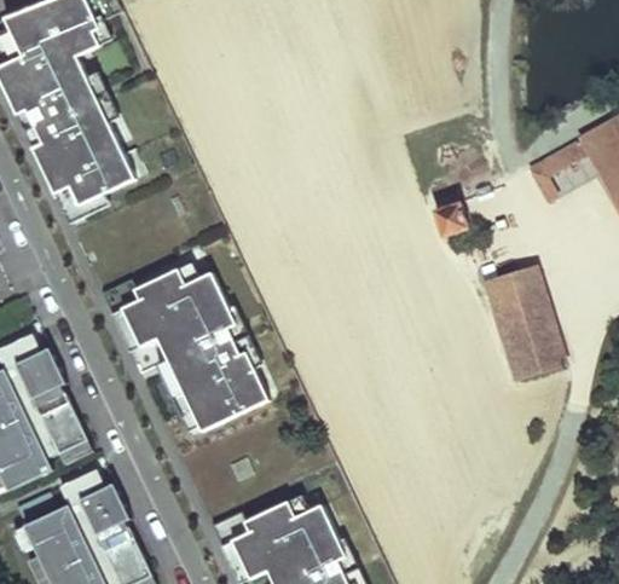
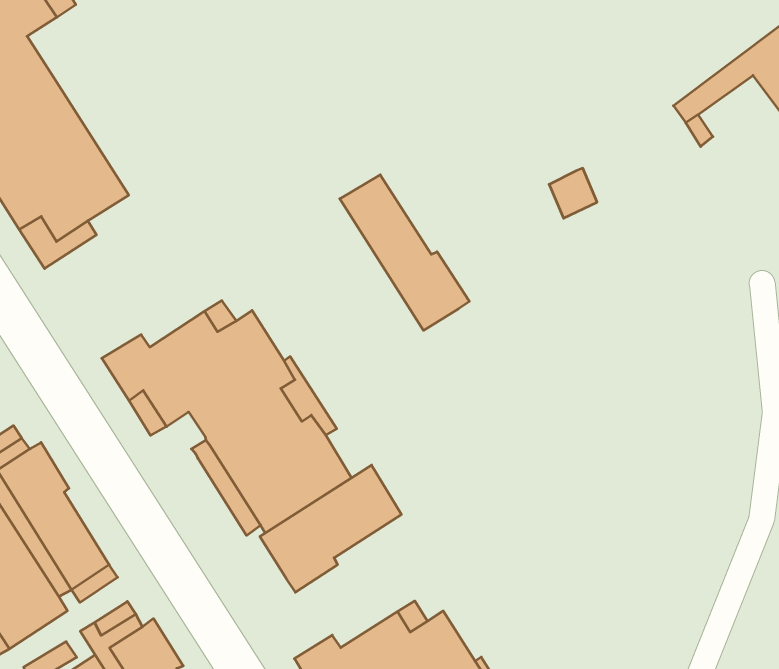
building: none -> [340,175,469,330]
building: [486,267,563,376] -> none
building: none -> [260,465,401,592]

